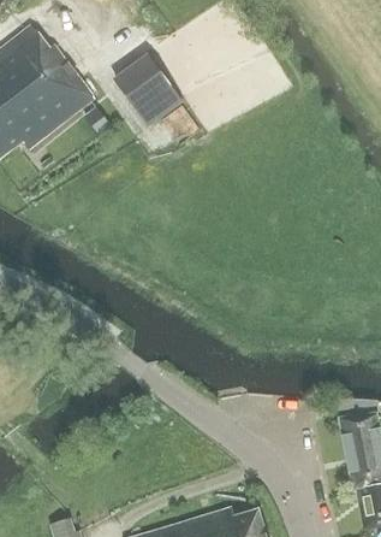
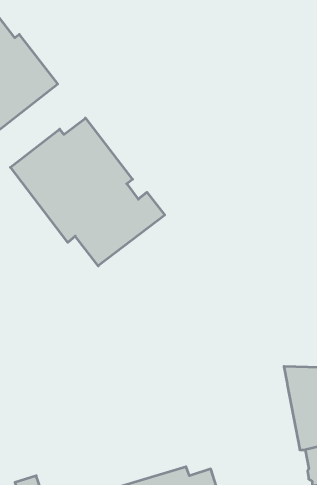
building: [117,57,183,125] -> none
building: none -> [10,118,165,266]

